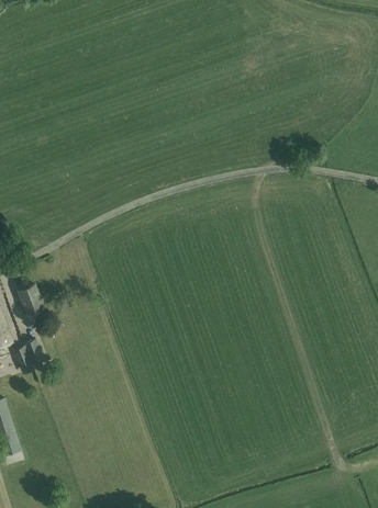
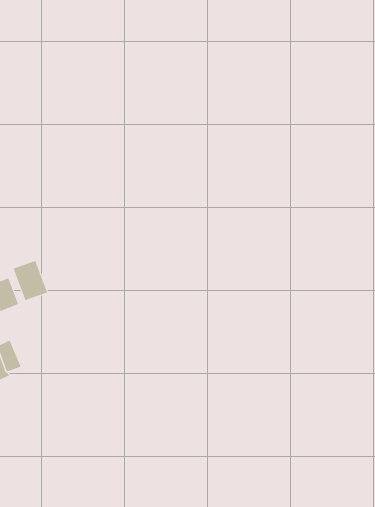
building: none -> [13,260,48,301]

